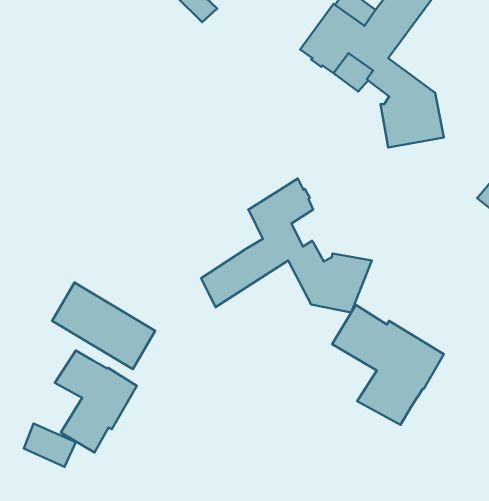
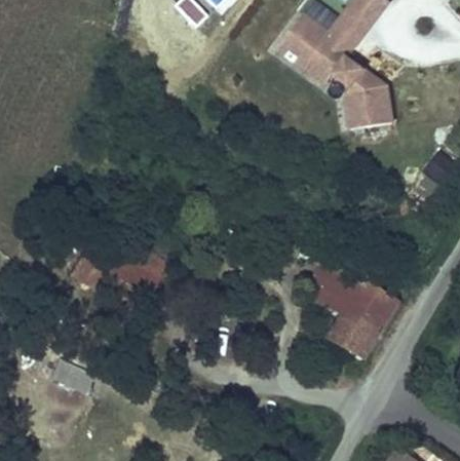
building: [201,178,372,313] -> none
building: [55,350,137,453] -> none

